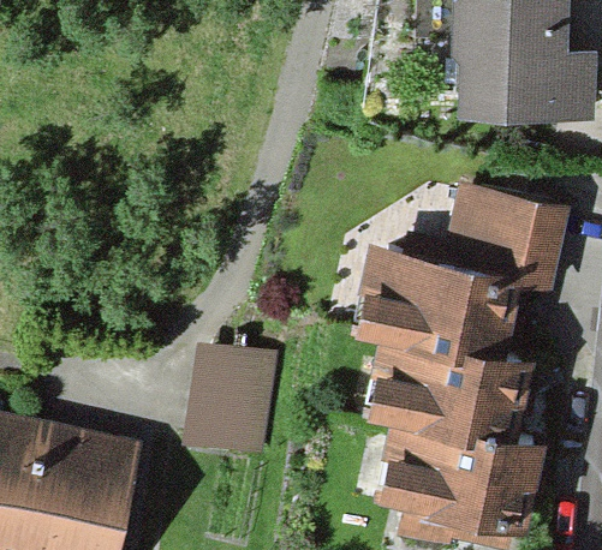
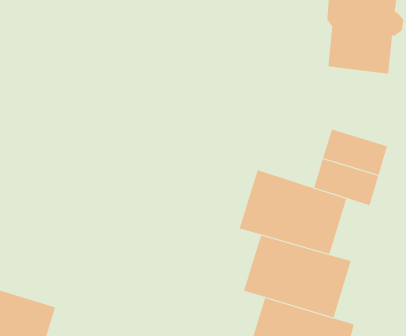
building: [192,351,266,450] -> none

